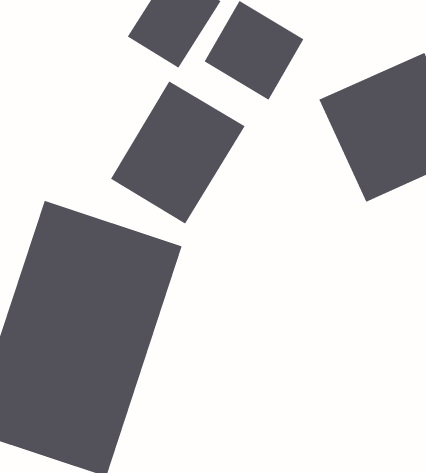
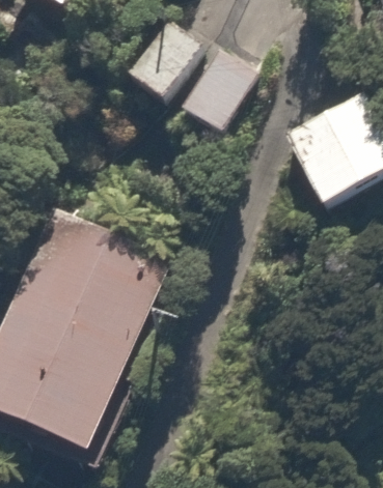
building: [110,80,245,225] -> none

